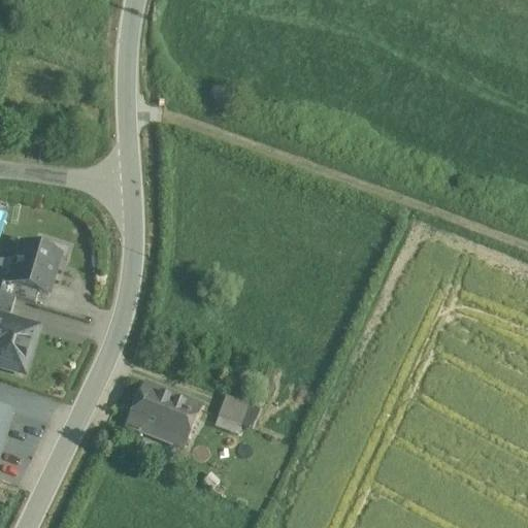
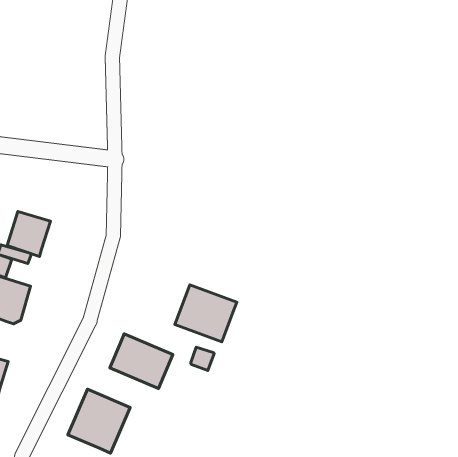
building: none -> [175,285,237,342]
building: none -> [68,389,130,453]

